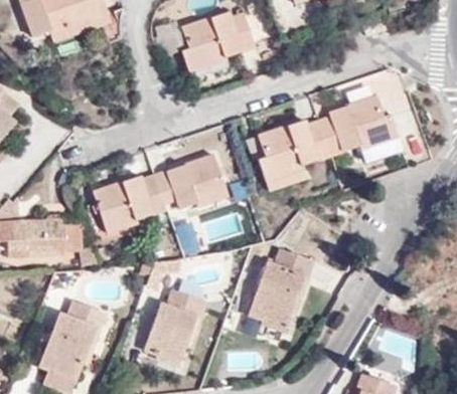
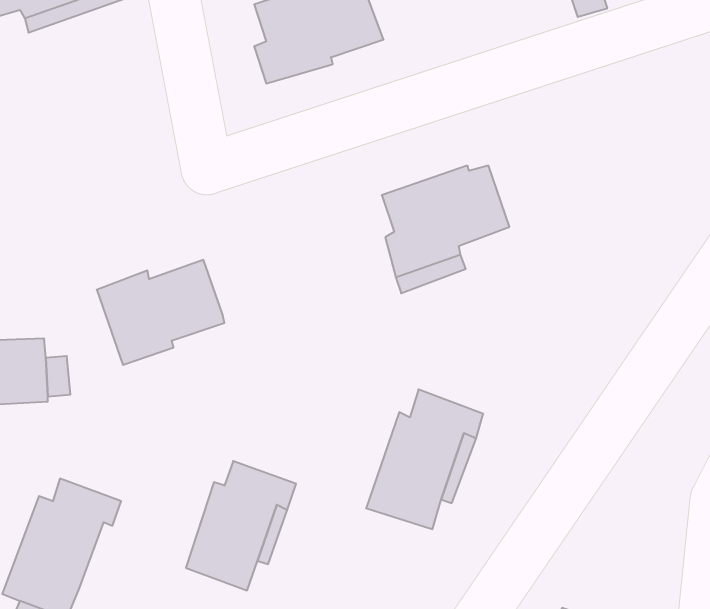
building: [318,95,397,155] -> none
building: [154,153,228,209] -> none

